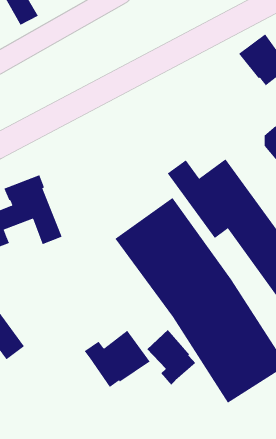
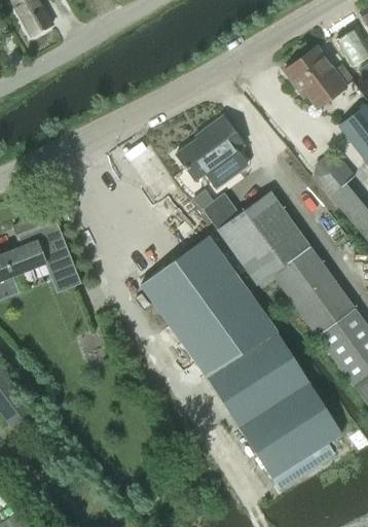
building: none -> [176,115,247,187]
building: [146,329,196,385] -> none
building: [84,330,150,388] -> none

